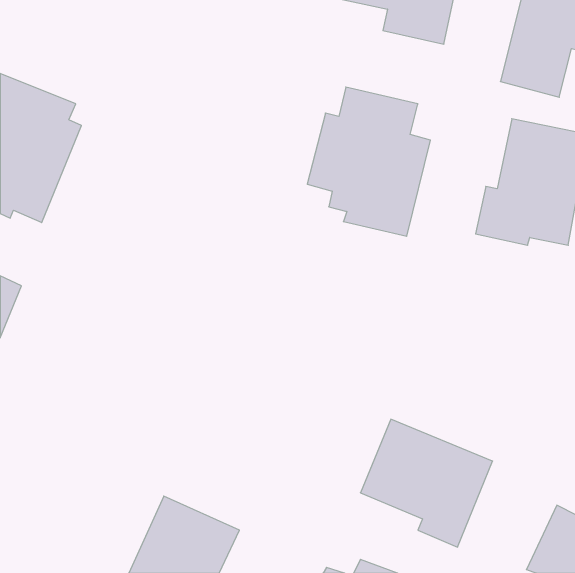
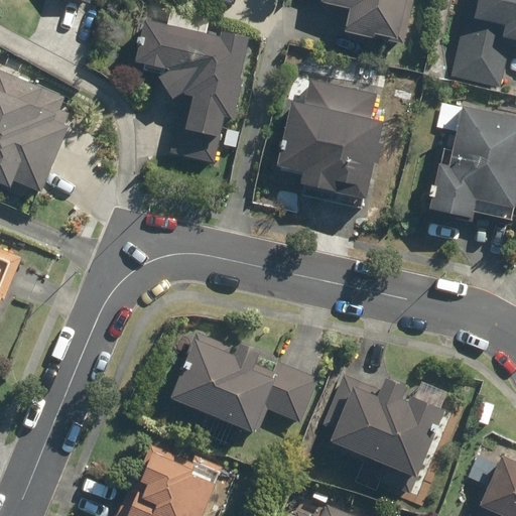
building: none -> [131,18,248,165]
building: none -> [160,326,316,434]

